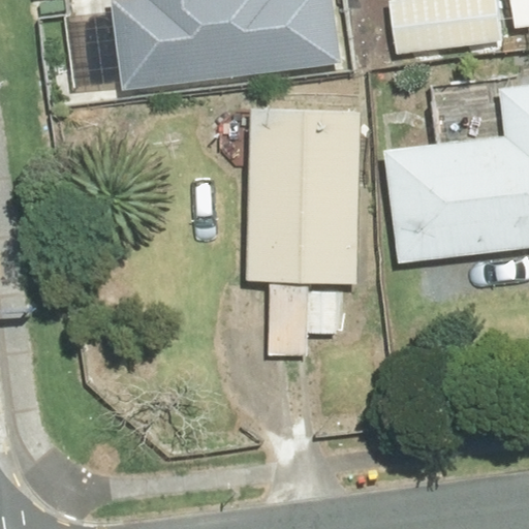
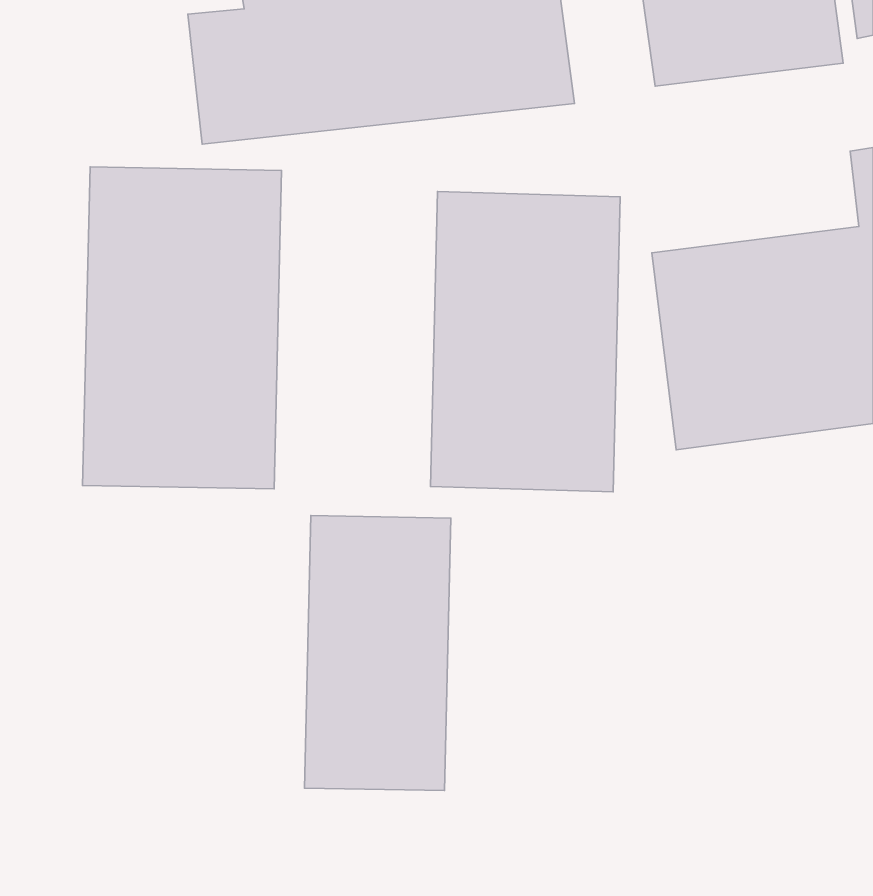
building: none -> [82,167,282,489]
building: none -> [304,516,451,791]

